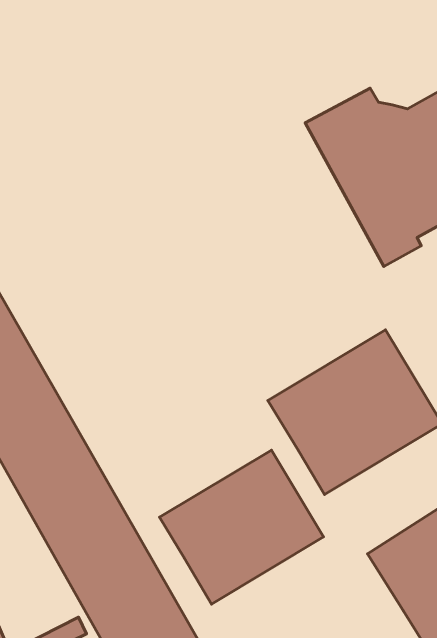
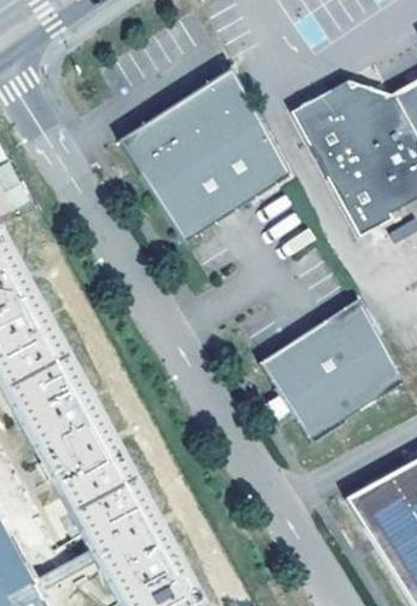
building: none -> [120,69,289,242]
building: [160,450,323,604] -> none

